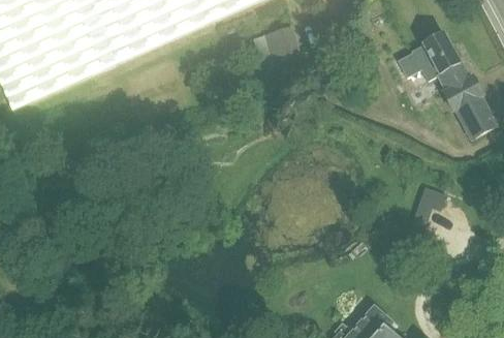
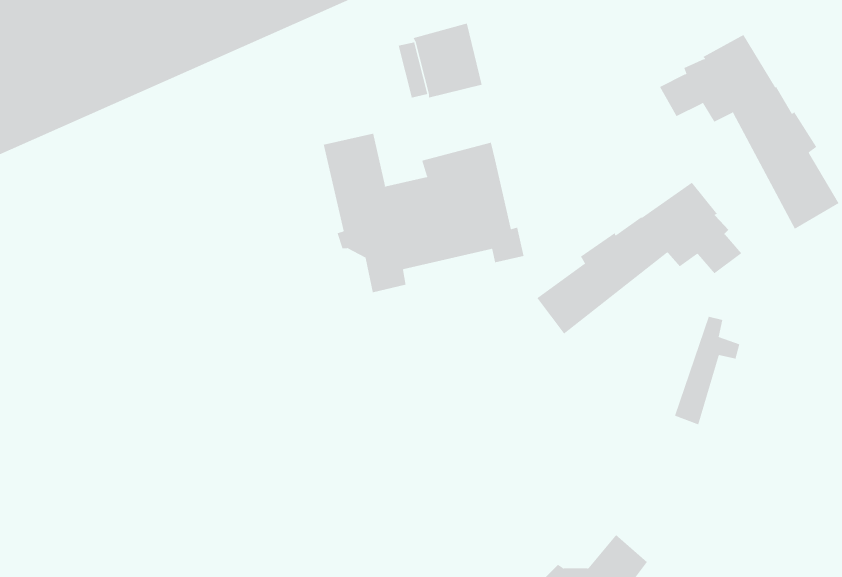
building: none -> [323,133,524,293]
building: none -> [536,182,742,334]

